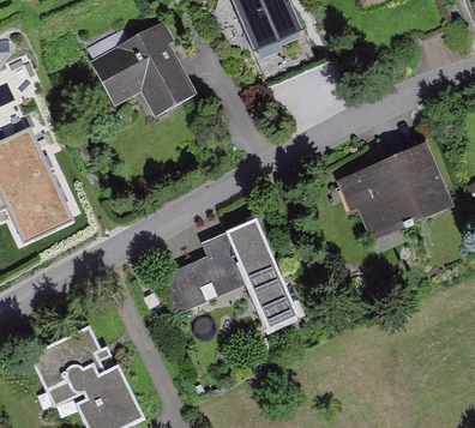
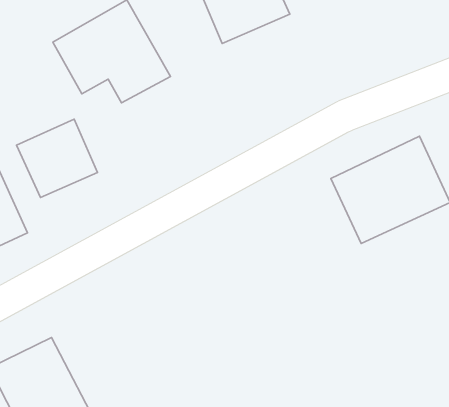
building: none -> [17,119,97,198]
building: [168,217,295,328] -> none

